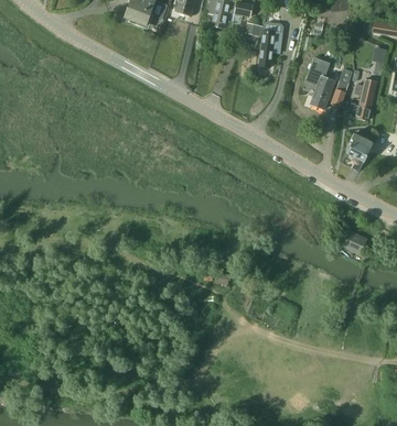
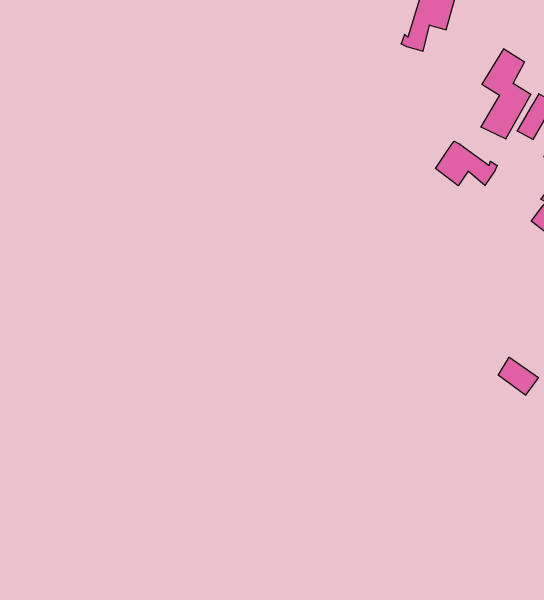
building: none -> [436,141,497,186]

